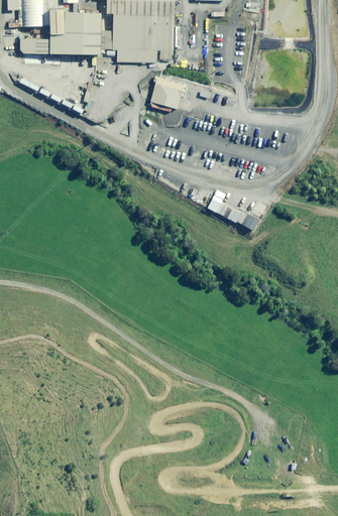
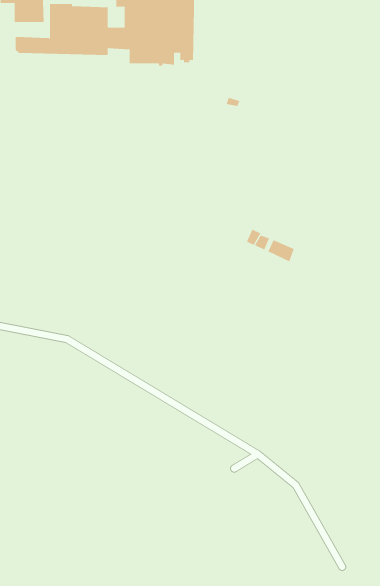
building: [149,75,189,111] -> none

